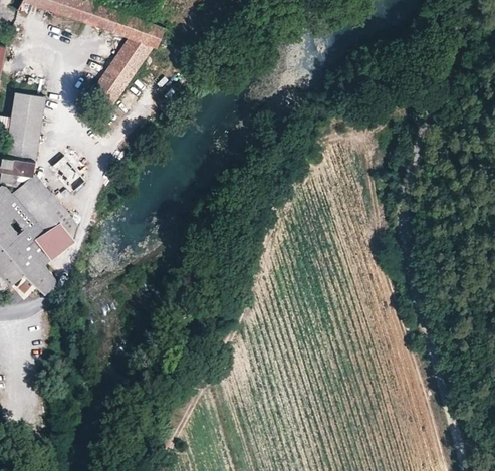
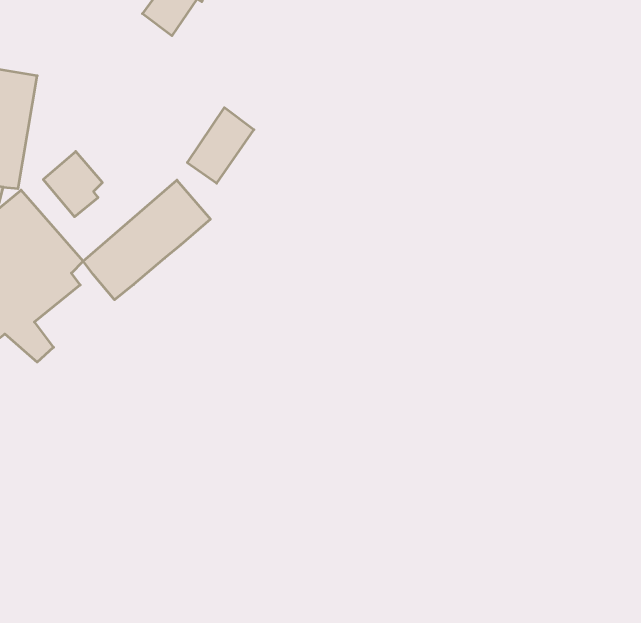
building: [90,56,136,107] -> [187,108,254,183]
building: none -> [83,180,210,300]

